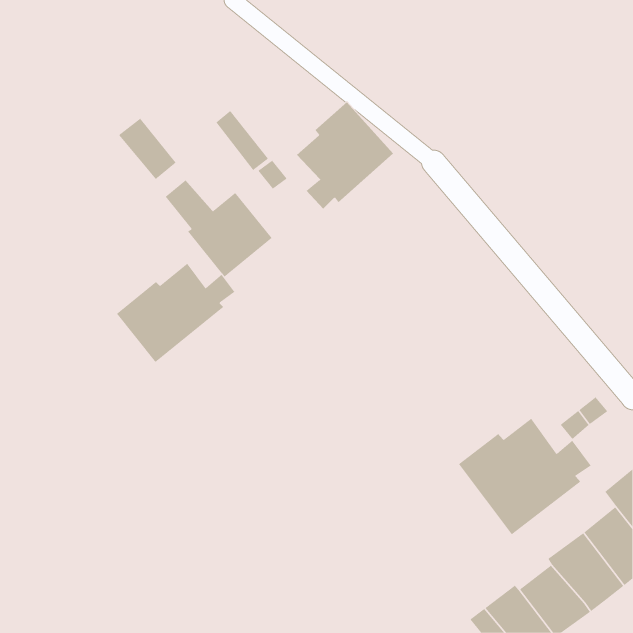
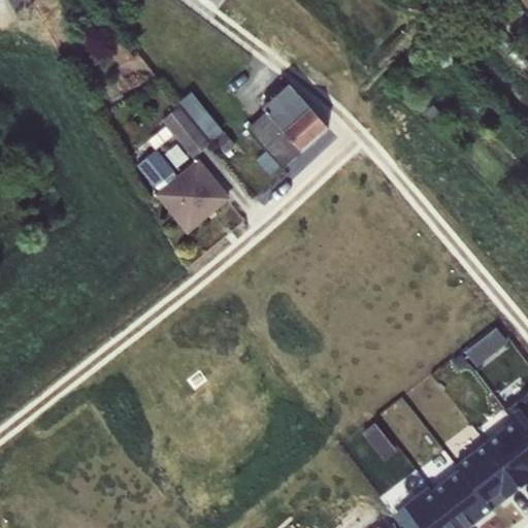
building: [118,118,177,180] -> [161,106,209,158]
building: [116,263,235,363] -> none
building: [458,418,591,535] -> none

